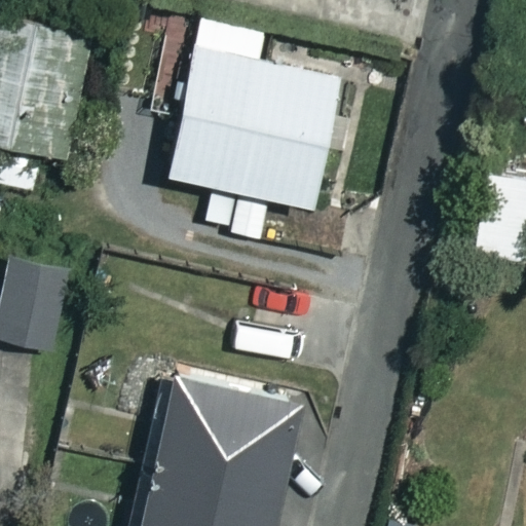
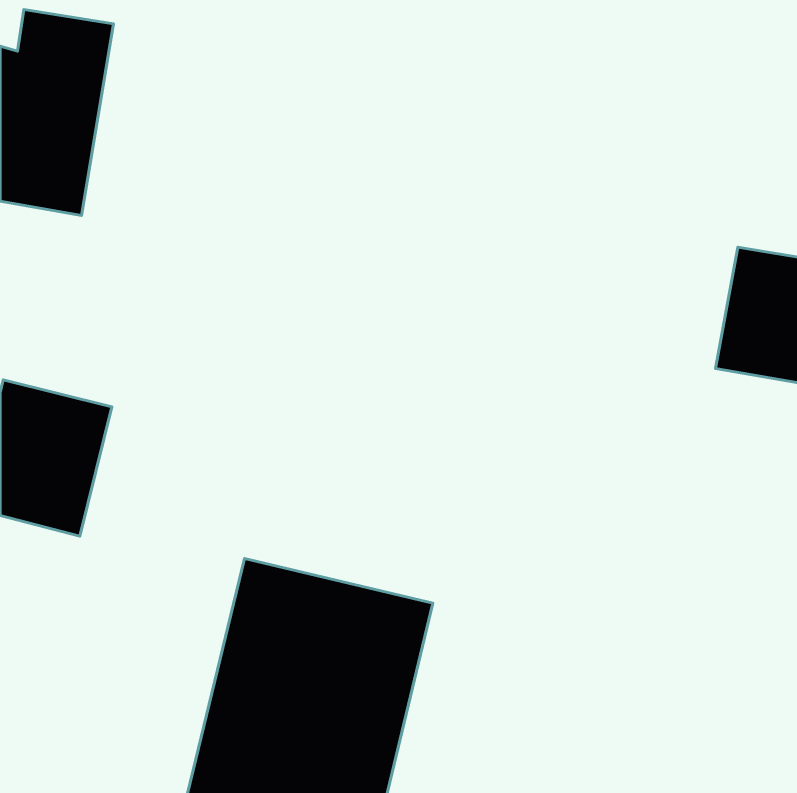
building: [163,49,341,208] -> none

